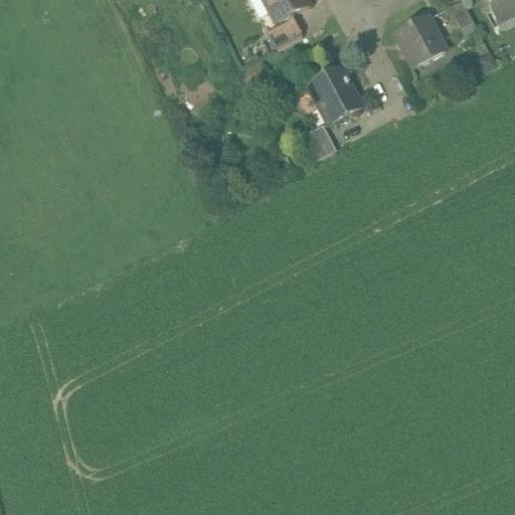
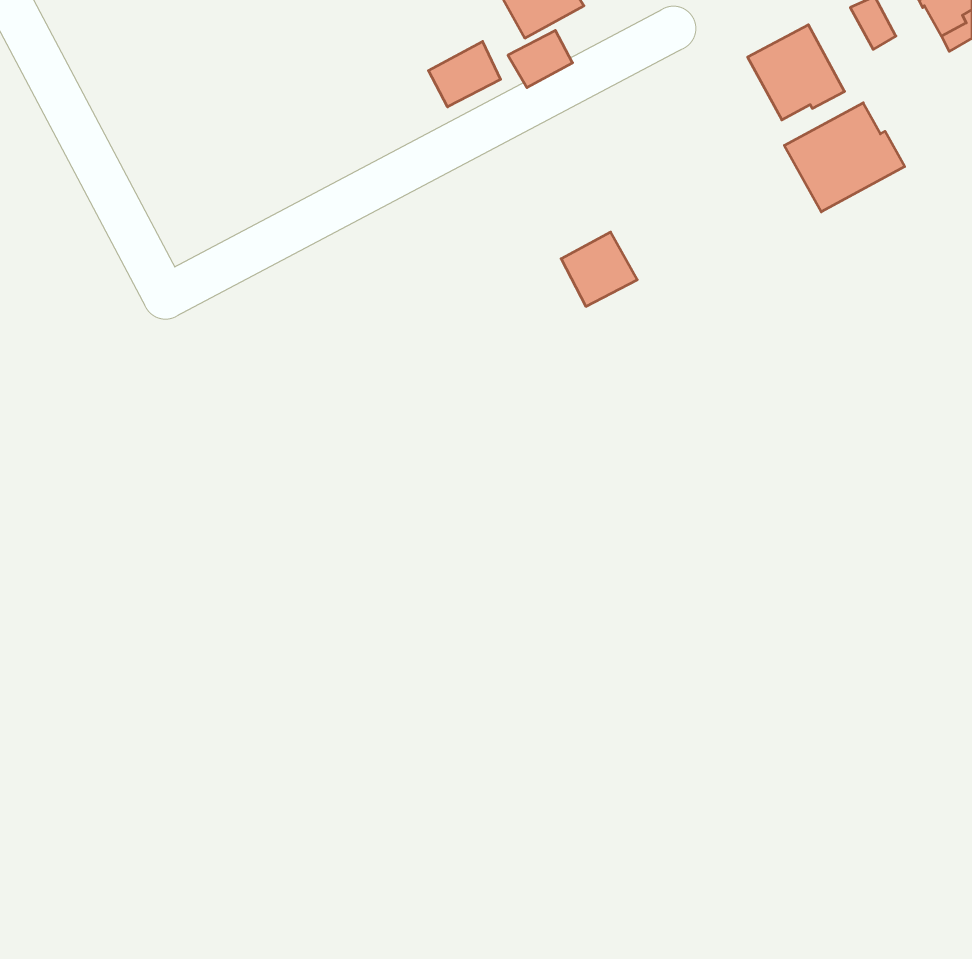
building: none -> [428,41,501,107]
building: none -> [784,103,905,212]
building: [309,65,362,122] -> none

